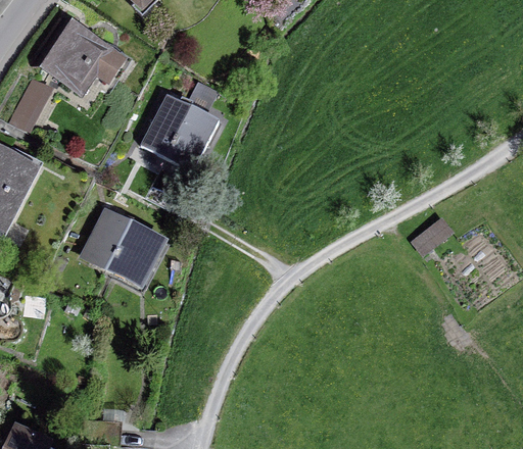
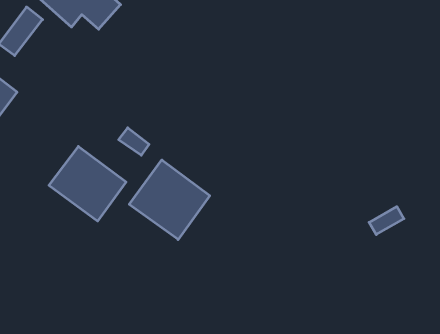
building: [141,92,220,171] -> none
building: none -> [129,160,210,240]

